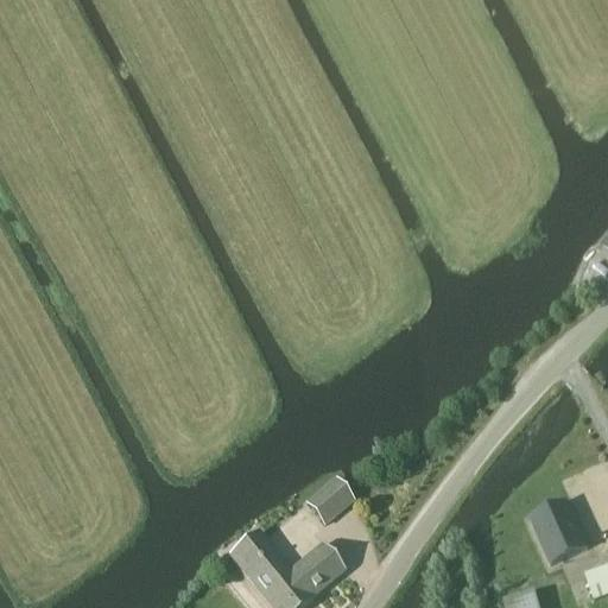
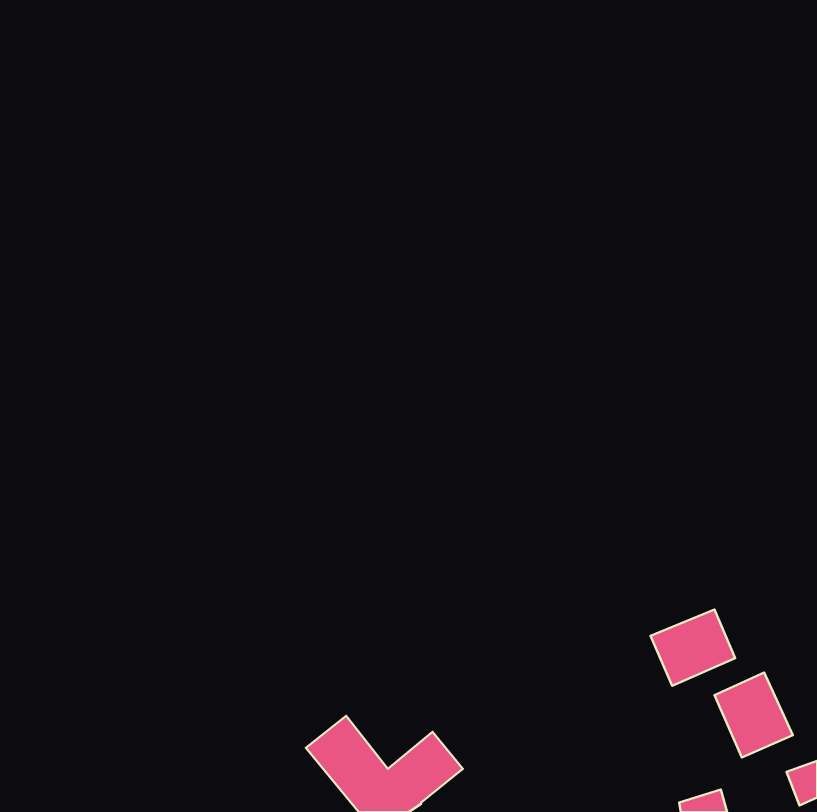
building: none -> [650,609,735,686]
building: [305,479,352,524] -> none

